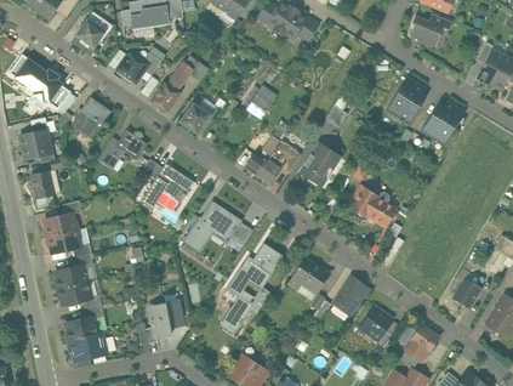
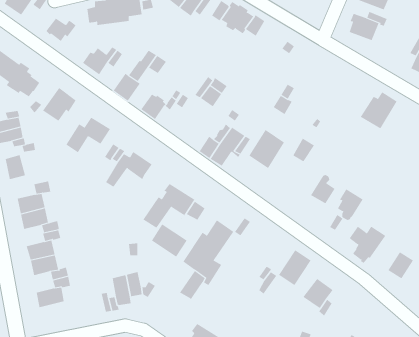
building: [388,78,424,123] -> none
building: [350,185,380,220] -> [337,189,364,221]
building: none -> [151,223,187,257]
building: [290,259,330,293] -> none
building: [398,325,439,367] -> [349,226,386,263]
building: [69,331,107,362] -> none

